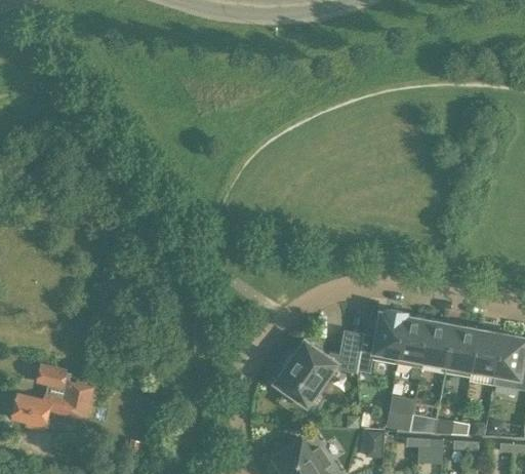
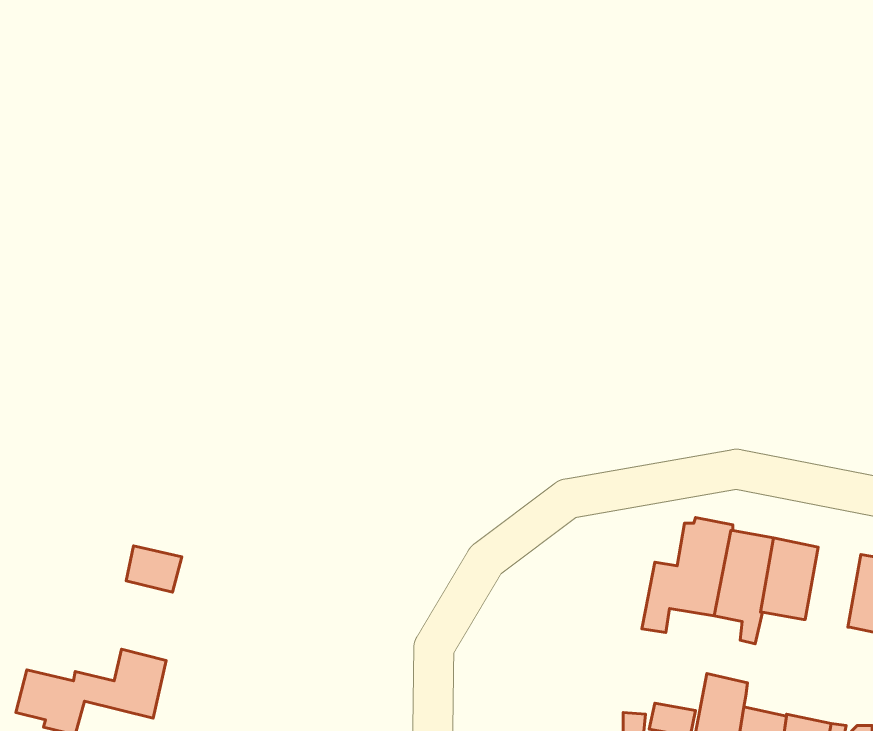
building: [445,325,478,377] -> none
building: [276,329,364,404] -> none
building: [37,363,68,389] -> [126,546,182,592]

